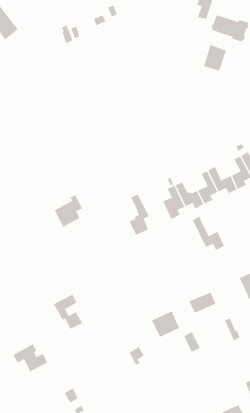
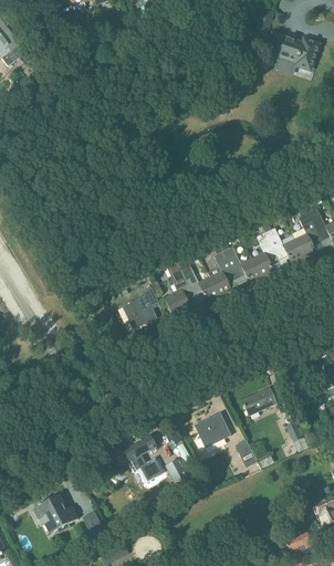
building: [203,44,227,71] -> none
building: [54,195,83,228] -> [123,286,159,328]
building: [192,216,225,250] -> [177,256,219,301]
building: [53,294,83,329] -> [124,434,163,480]
building: [12,344,48,372] -> [32,493,77,530]

